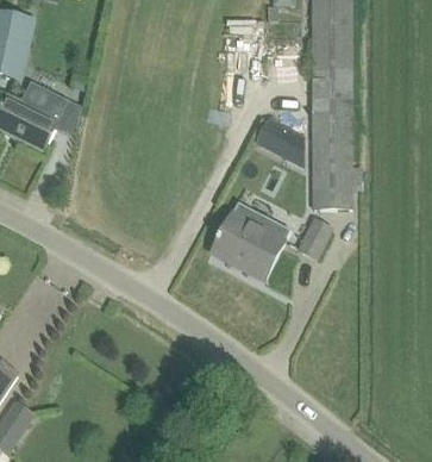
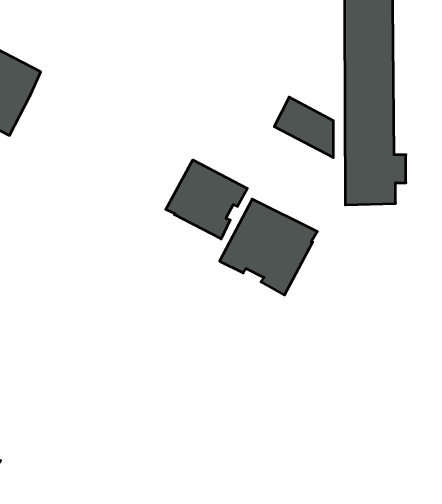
building: none -> [166,160,247,239]
building: [298,218,332,261] -> none

